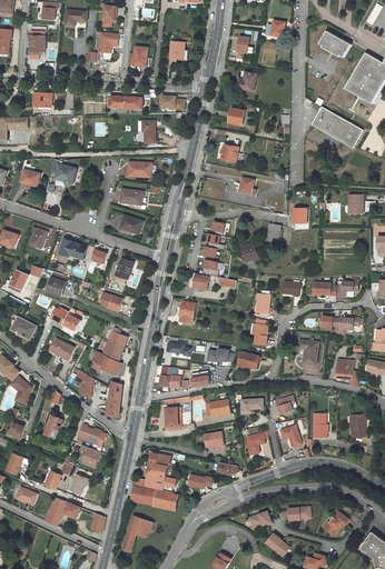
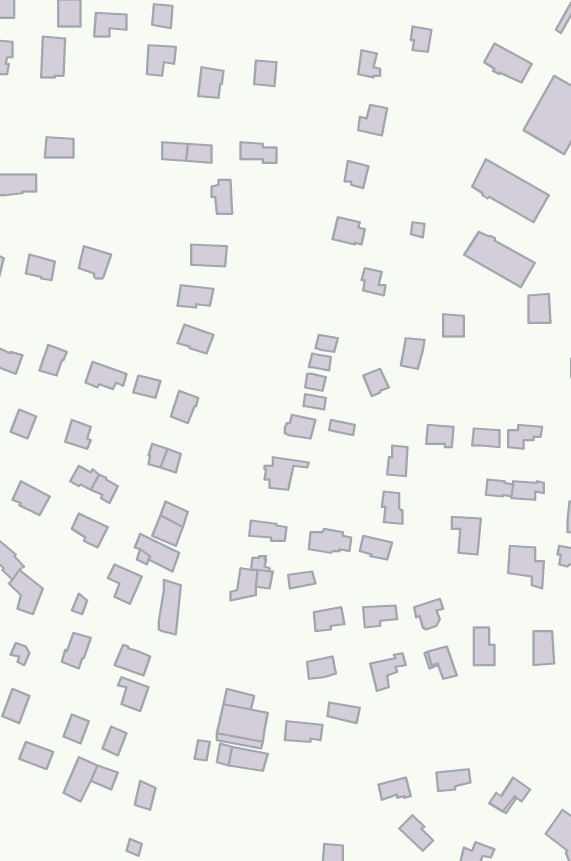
building: none -> [464,232,535,287]
building: [165,407,190,431] -> none
building: [121,516,152,555] -> none

